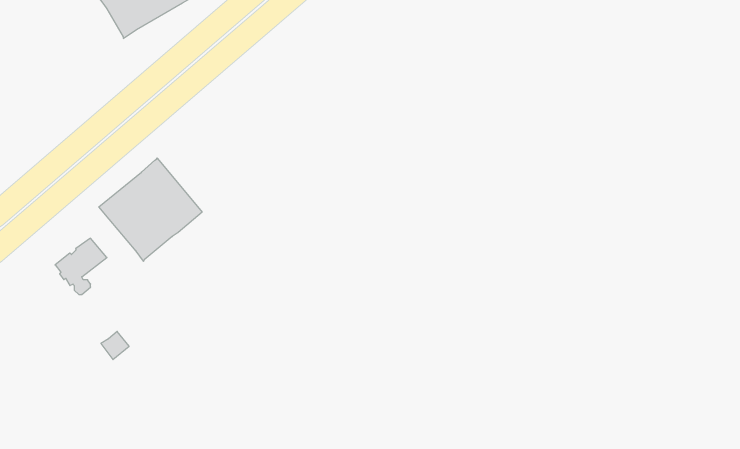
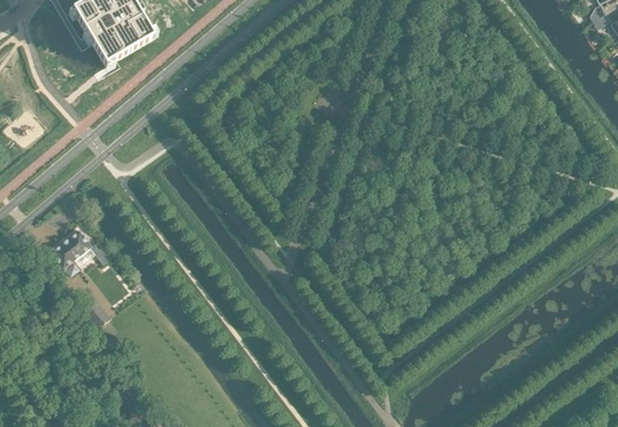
building: [99,158,202,261] -> none

